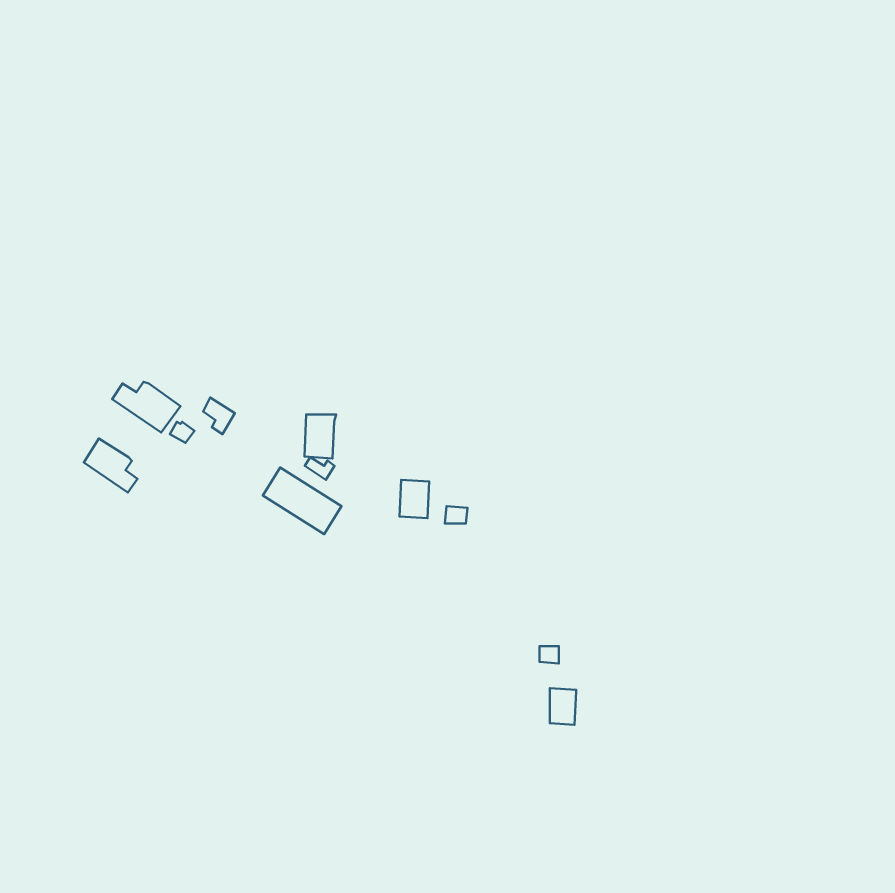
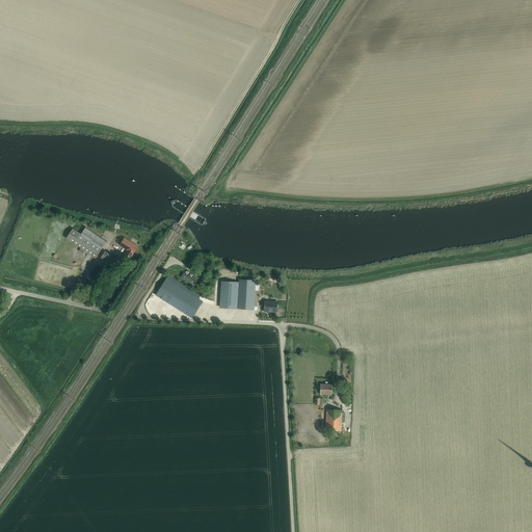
building: [305,415,336,458] -> [220,281,239,307]
building: [84,438,137,493] -> none

